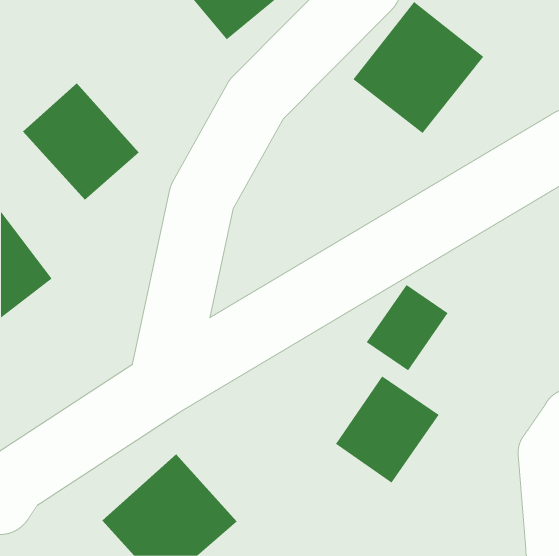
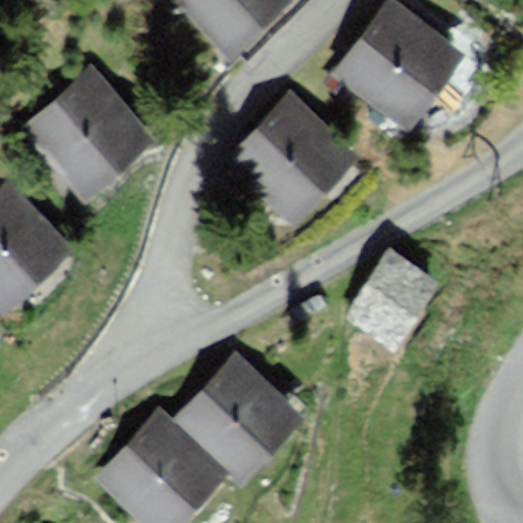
building: none -> [234,97,347,209]
building: [335,375,439,484] -> none
building: none -> [182,361,303,482]

